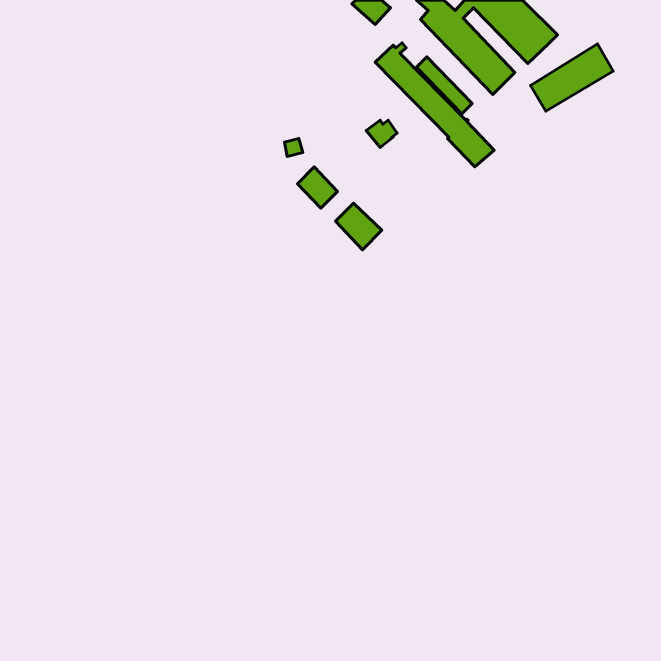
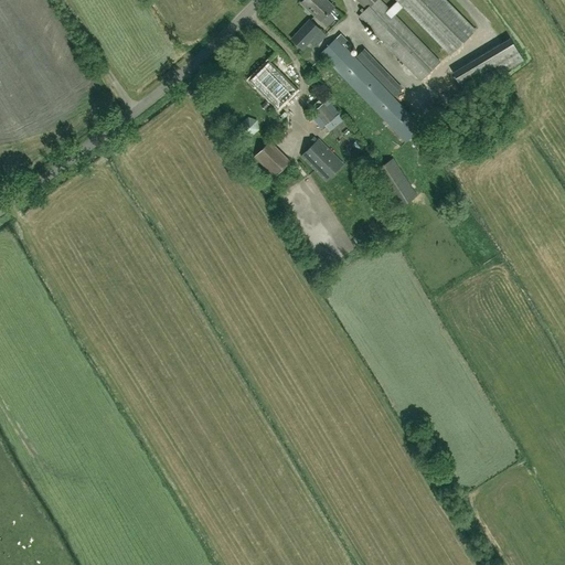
building: none -> [289,19,320,51]
building: none -> [248,62,296,109]
building: none -> [374,158,417,209]
building: [335,203,382,250] -> [302,141,342,181]

